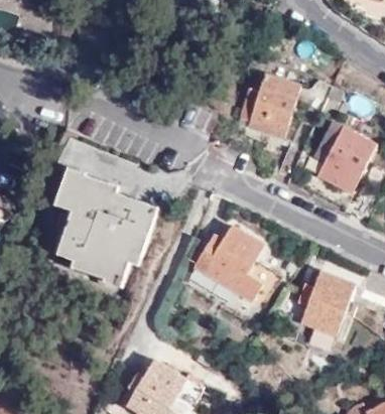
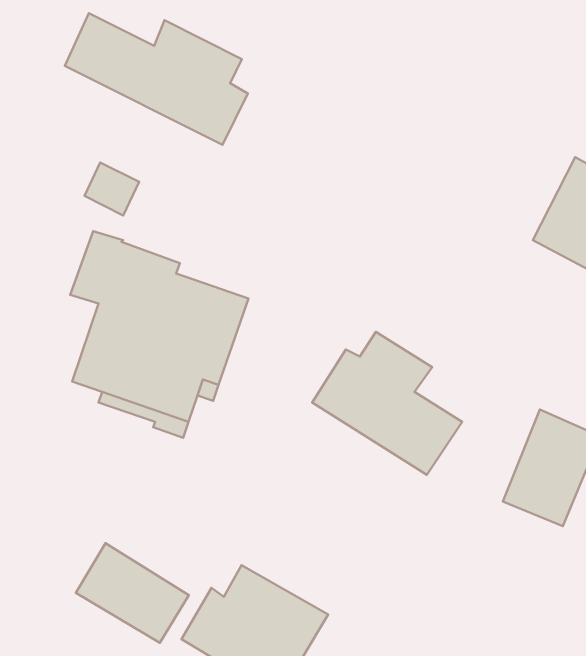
building: none -> [65,13,248,145]
building: [235,74,298,137] -> none
building: none -> [76,543,189,643]

